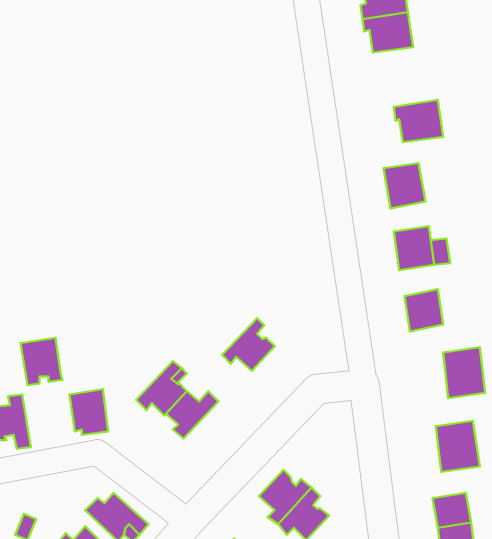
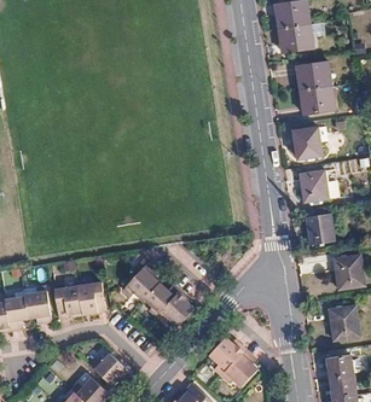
building: none -> [298,60,330,88]
building: [222,318,275,371] -> [155,291,191,327]
building: [20,338,62,385] -> [52,286,81,319]

